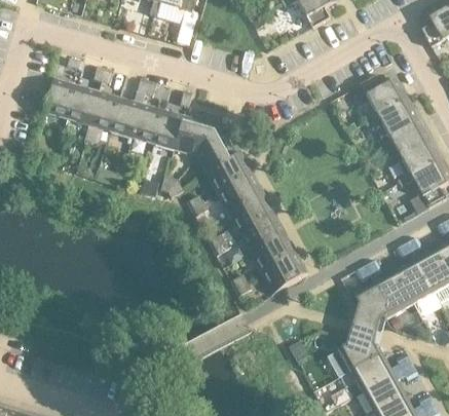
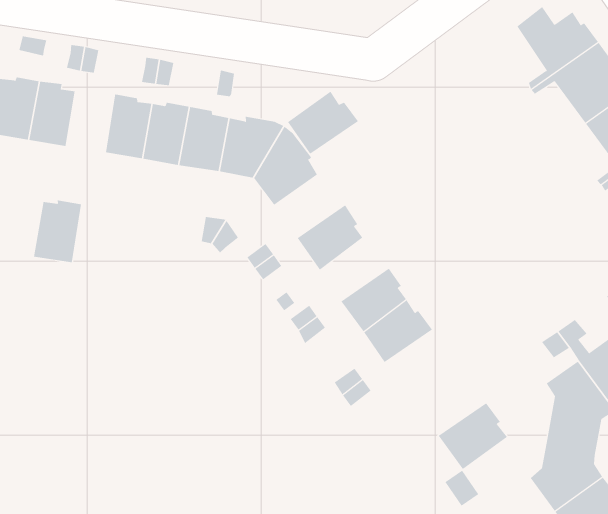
building: [88,93,120,131] -> [33,200,82,263]
building: [207,158,249,194] -> [287,91,359,154]
building: [229,198,270,234] -> none
building: [261,257,302,295] -> [438,402,508,470]

